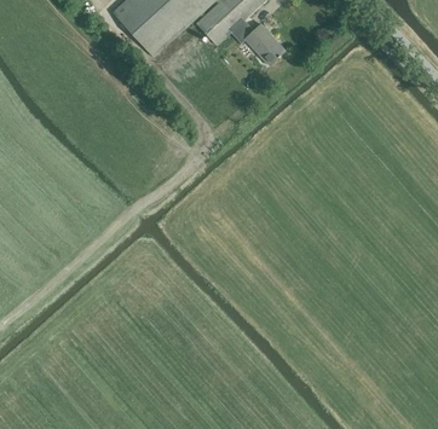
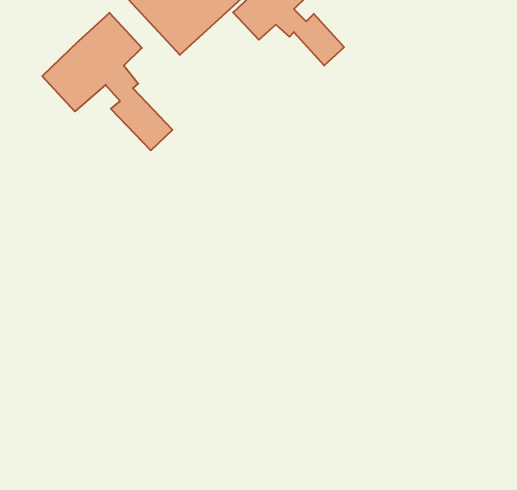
building: none -> [42,13,172,150]

